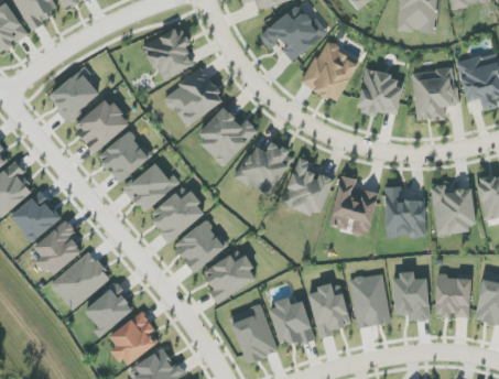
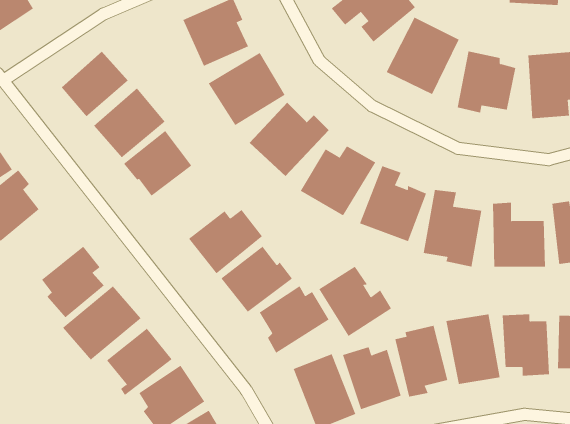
building: [123,160,176,212] -> none
building: [10,191,62,241] -> none
building: none -> [319,266,392,337]

